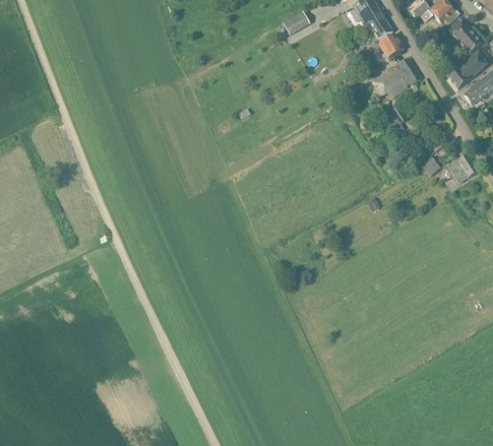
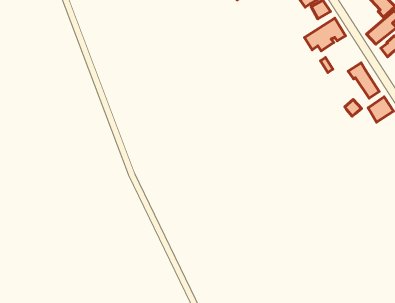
building: none -> [348,63,379,98]

